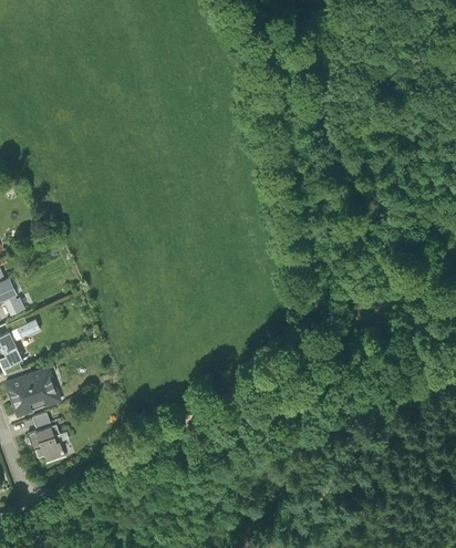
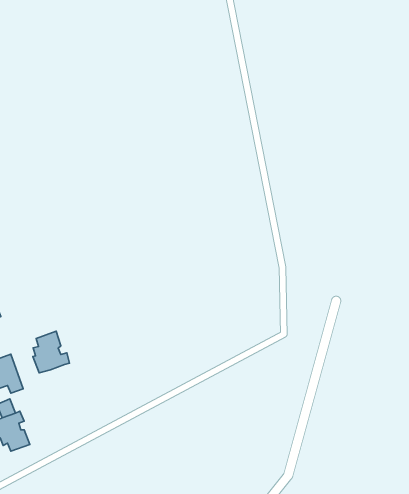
building: none -> [33,331,70,373]

